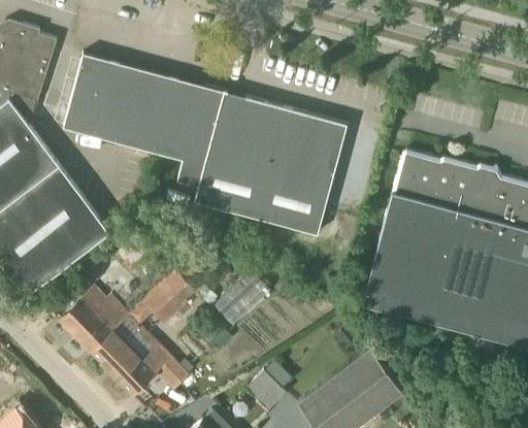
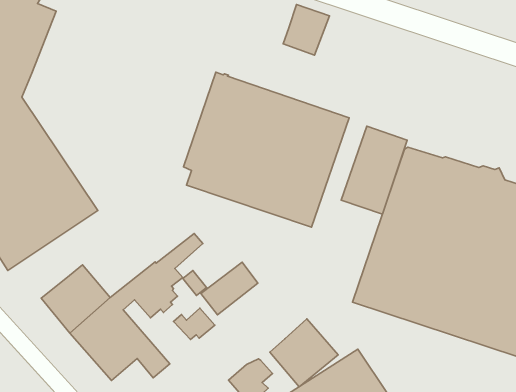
building: none -> [283,4,330,55]
building: [63,54,216,184] -> none
building: none -> [341,126,407,214]
building: none -> [270,319,338,387]

